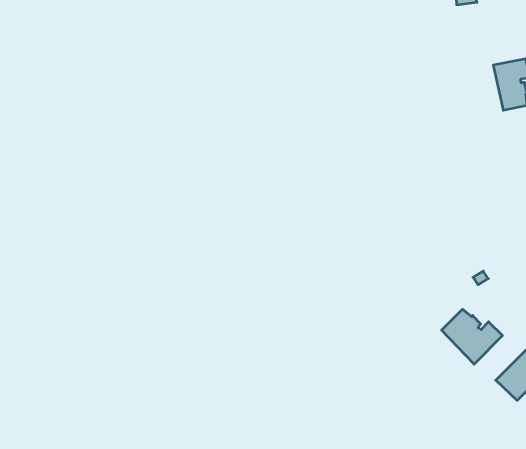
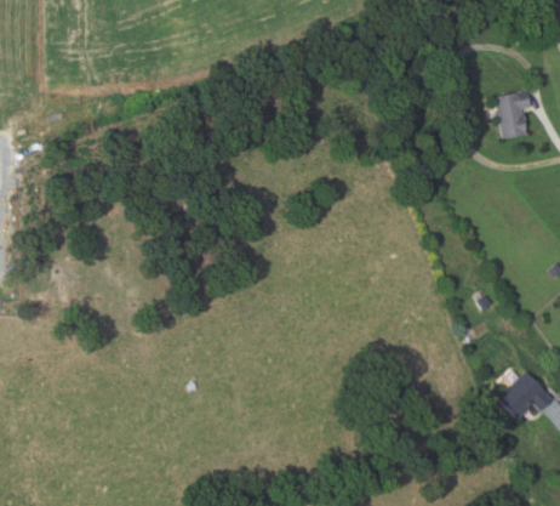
building: [442,309,502,364] -> none

